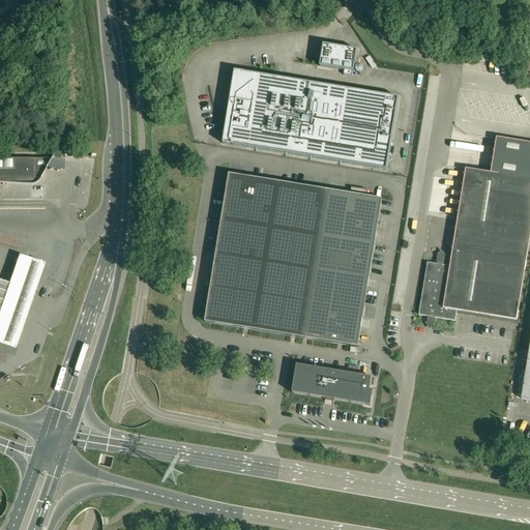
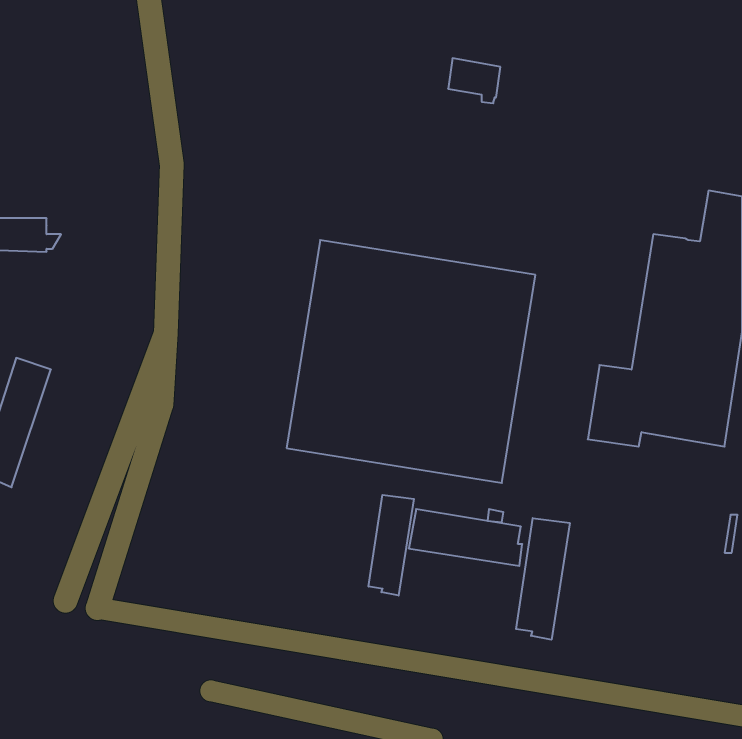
building: [222,68,398,168] -> none
building: none -> [369,495,414,596]
building: none -> [516,518,570,640]

